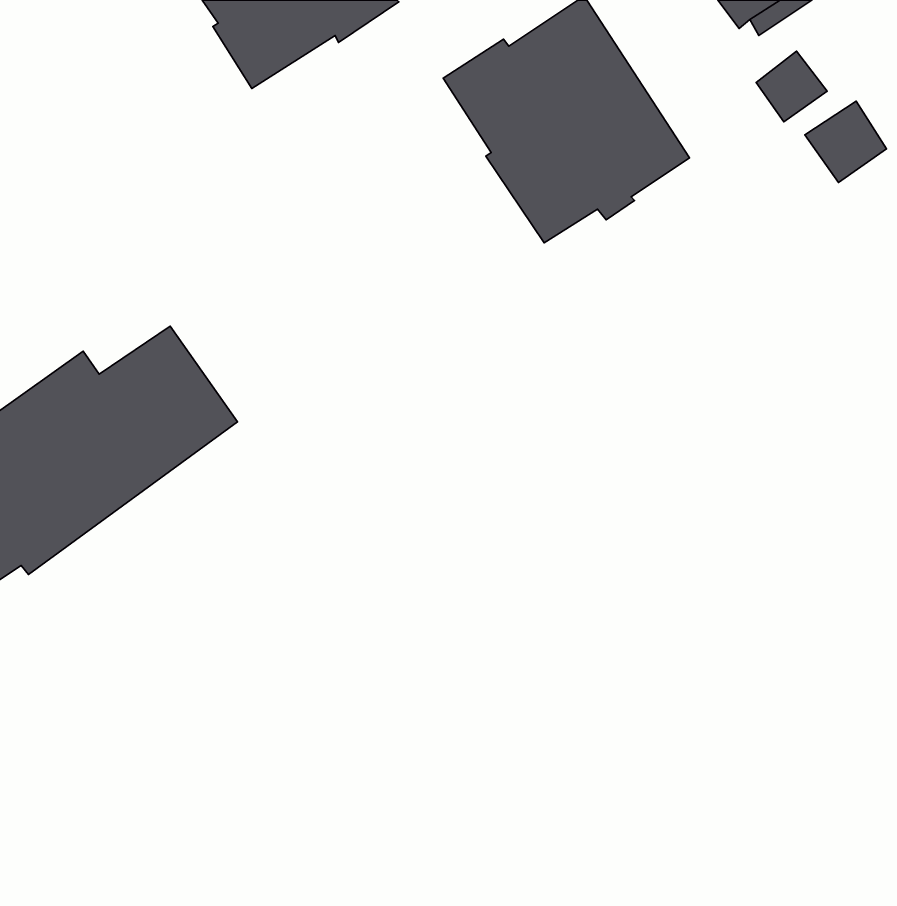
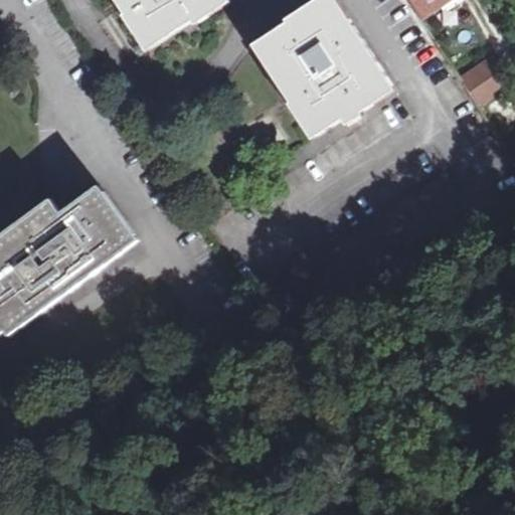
building: [756,51,827,122] -> none

